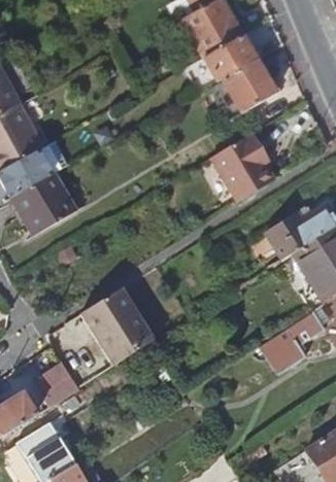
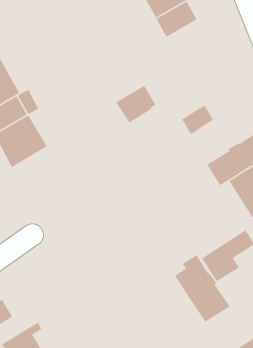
building: [222,58,275,113] -> none
building: [219,131,268,177] -> [115,85,157,124]
building: [79,288,152,366] -> none
building: none -> [174,254,230,323]
building: [31,359,76,405] -> none

